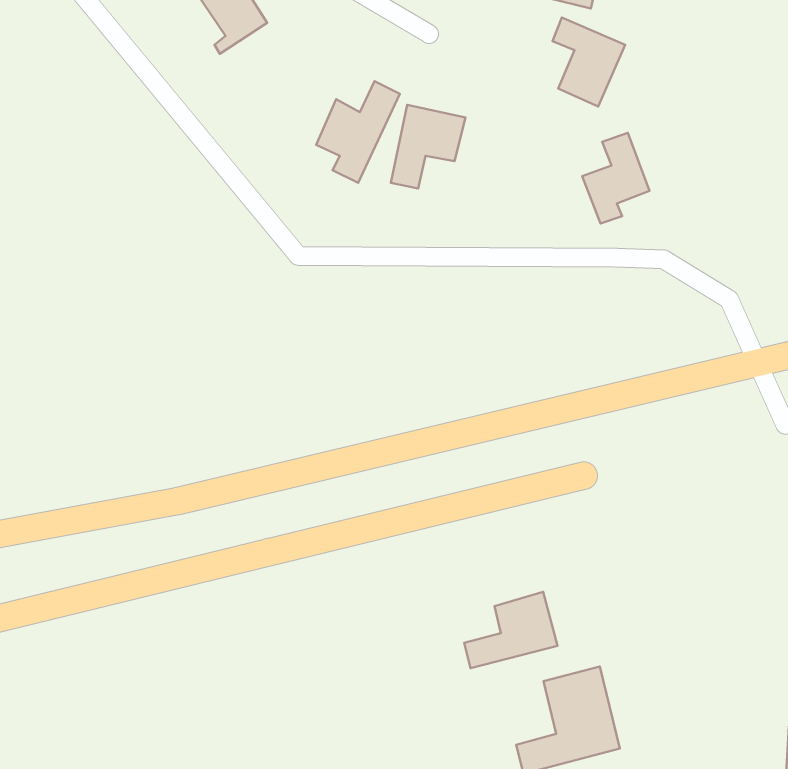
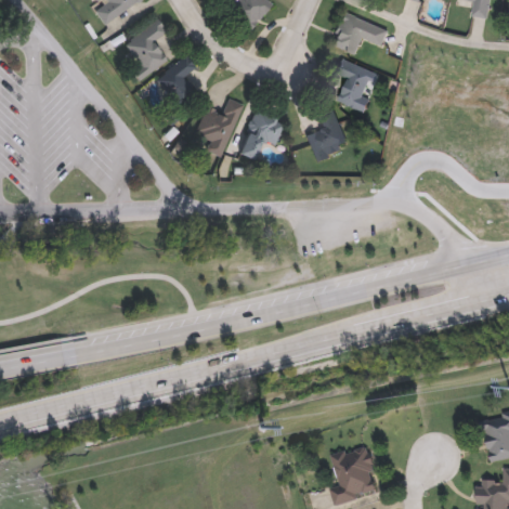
building: none -> [155,54,196,108]
building: [582,133,650,224] -> [306,108,347,162]
building: [464,592,558,668] -> none

